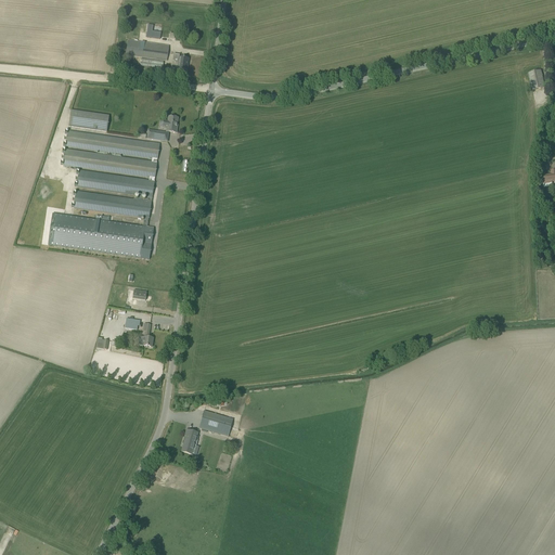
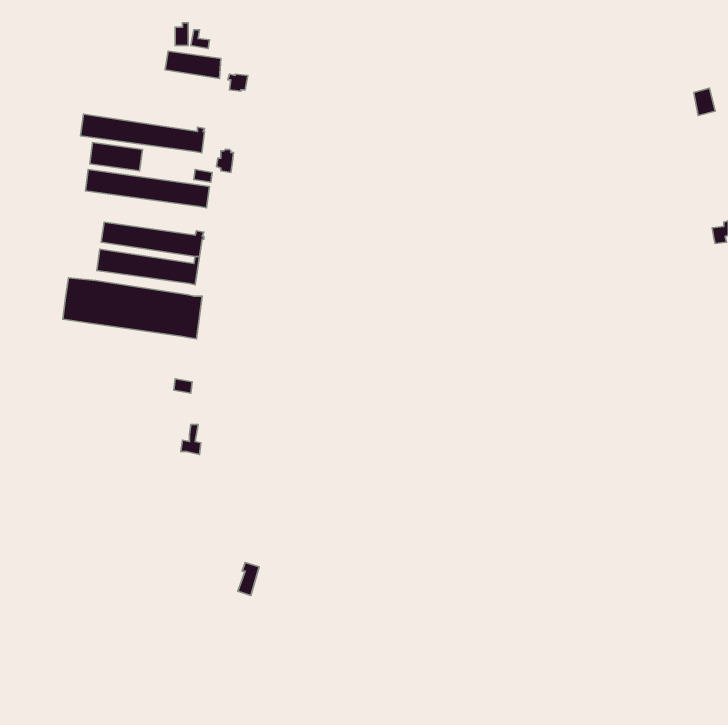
building: [63,147,157,177] -> [81,114,205,153]
building: [198,410,233,435] -> none

